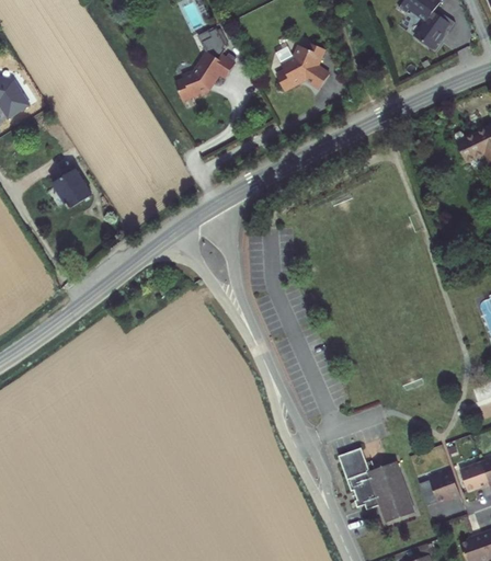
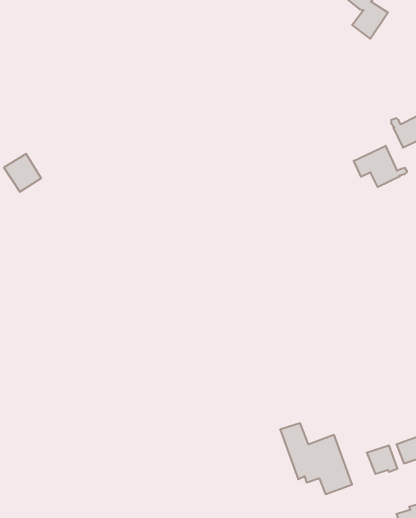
building: [174,27,236,103] -> none
building: [276,39,323,92] -> none
building: none -> [354,146,407,187]

